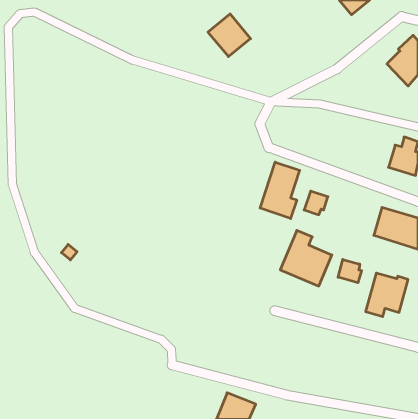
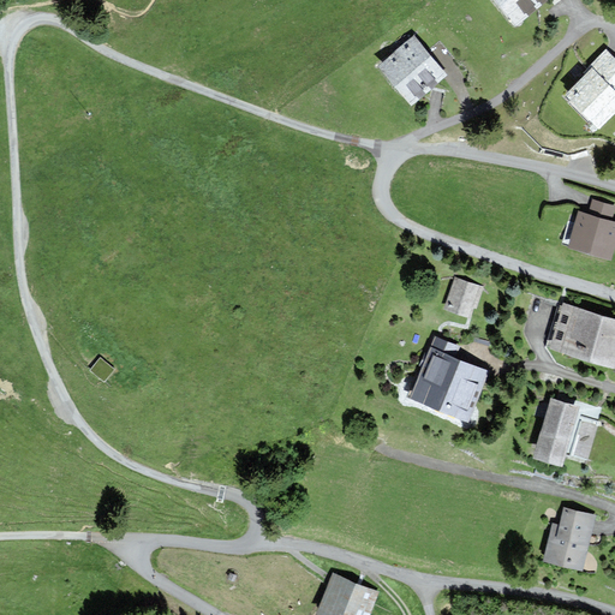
building: [208,14,251,57] -> [381,38,443,101]
building: [260,162,300,219] -> none
building: [338,259,362,283] -> none
building: none -> [544,509,592,568]

